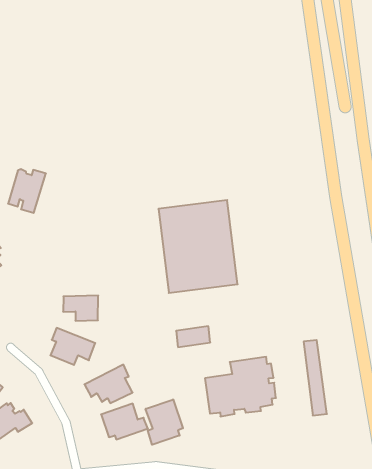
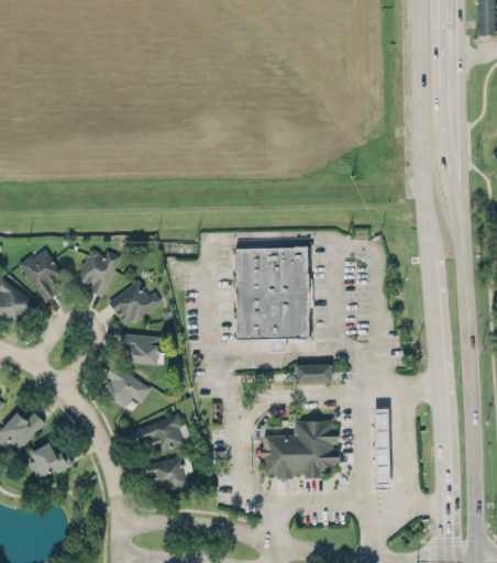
building: [8,169,46,213] -> [76,247,120,296]
building: none -> [109,282,161,328]
building: [176,326,210,347] -> [296,365,331,384]
building: [146,399,183,445] -> none

